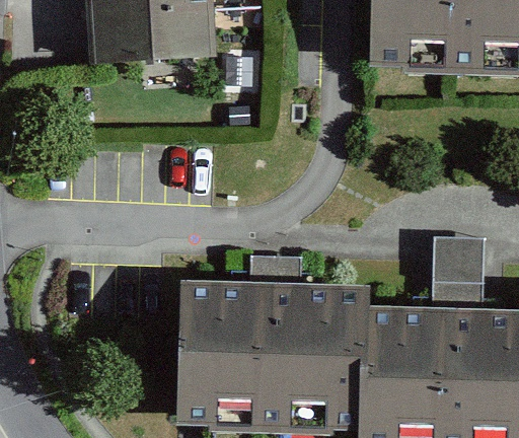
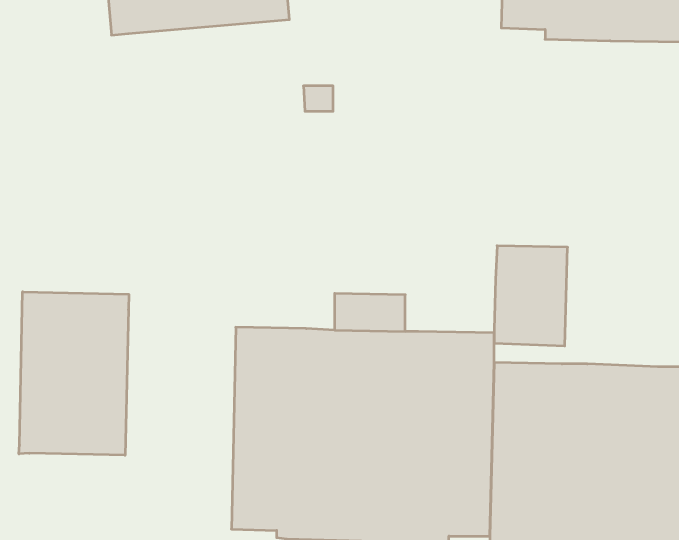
building: [433,235,486,307] -> [494,246,568,346]
building: none -> [19,292,129,455]

